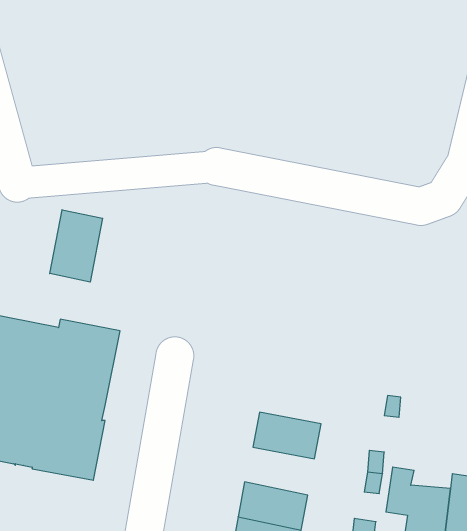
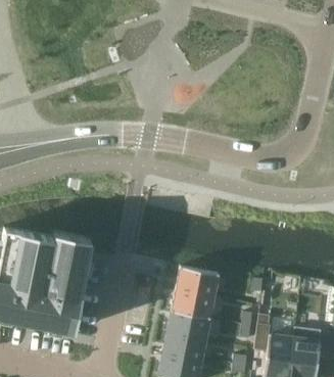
building: [50,210,103,282] -> none
building: none -> [178,269,221,298]
building: none -> [169,313,211,342]

